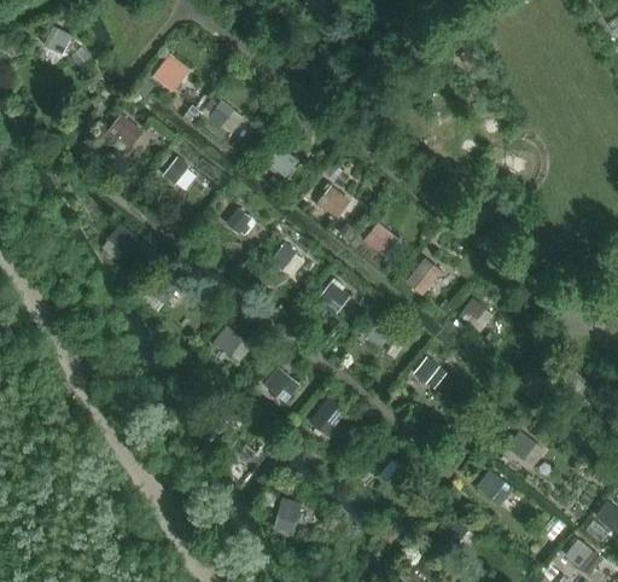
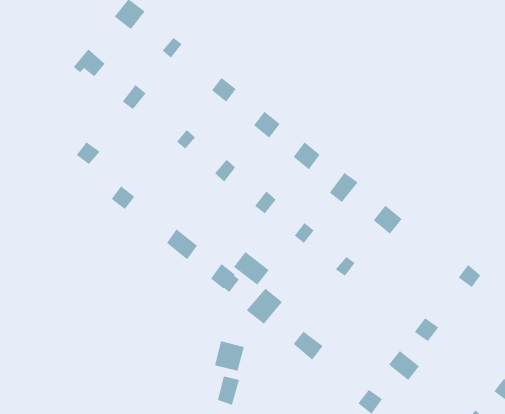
building: none -> [233,251,270,285]
building: none -> [214,341,244,372]

